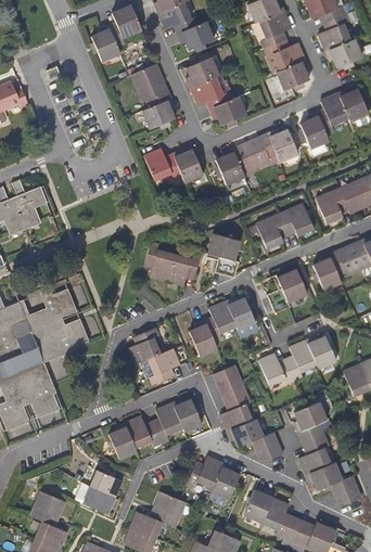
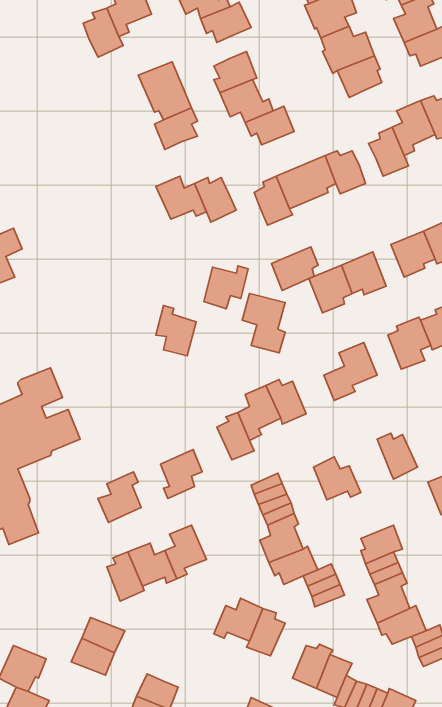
building: none -> [271,247,318,290]
building: [167,254,200,285] -> [204,266,248,309]
building: [128,328,159,364] -> [98,472,141,522]
building: [285,341,316,380] -> none
building: [170,399,201,431] -> none
building: [150,491,183,527] -> none

